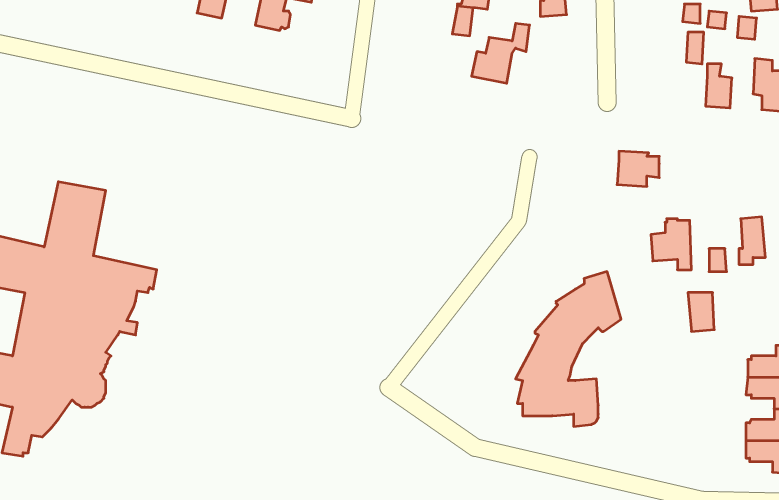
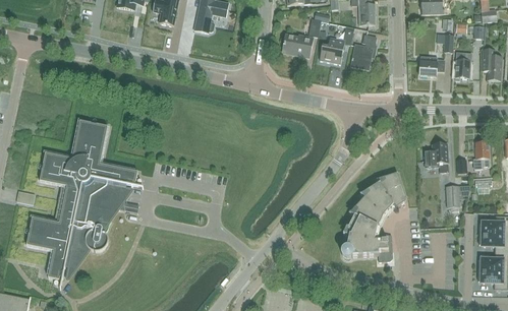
building: none -> [350,35,376,70]
building: none -> [283,36,313,57]
building: [617,151,659,186] -> [419,56,444,76]

